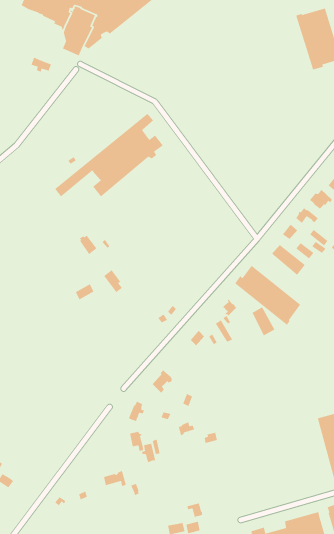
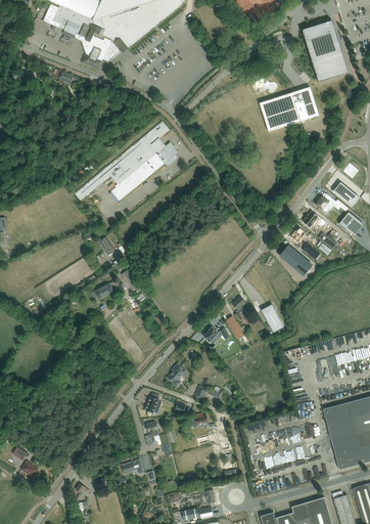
building: none -> [261,89,319,130]
building: [234,265,301,326] -> none

